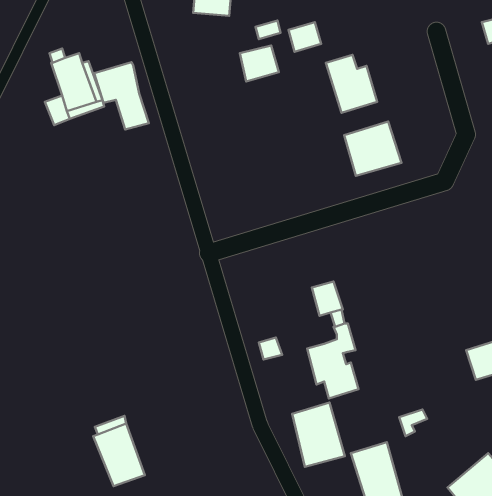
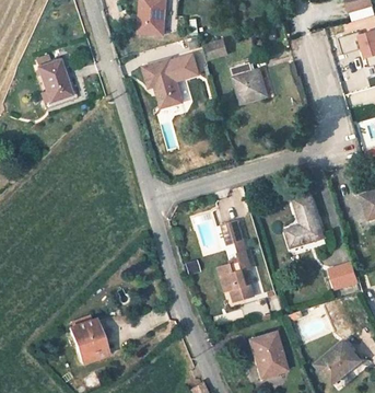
building: [94,62,149,129] -> [143,58,181,105]
building: [344,122,402,176] -> none
building: none -> [285,193,323,245]
building: [292,403,345,467] -> none

